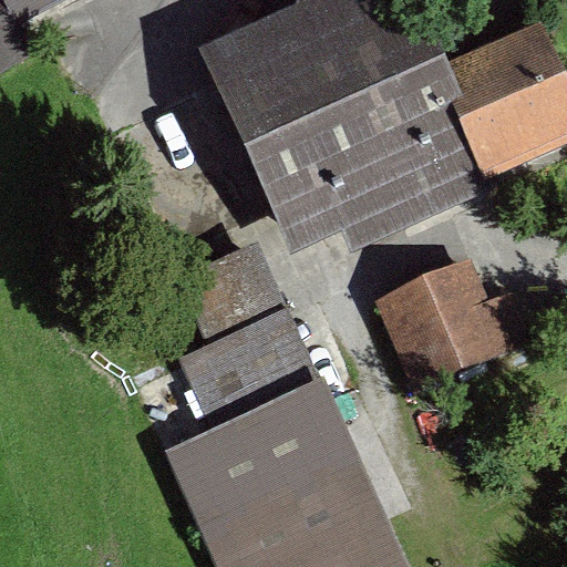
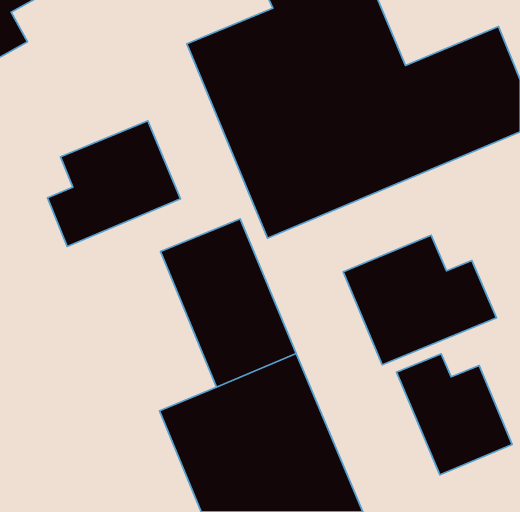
building: none -> [48,121,180,247]
building: none -> [396,354,512,475]

